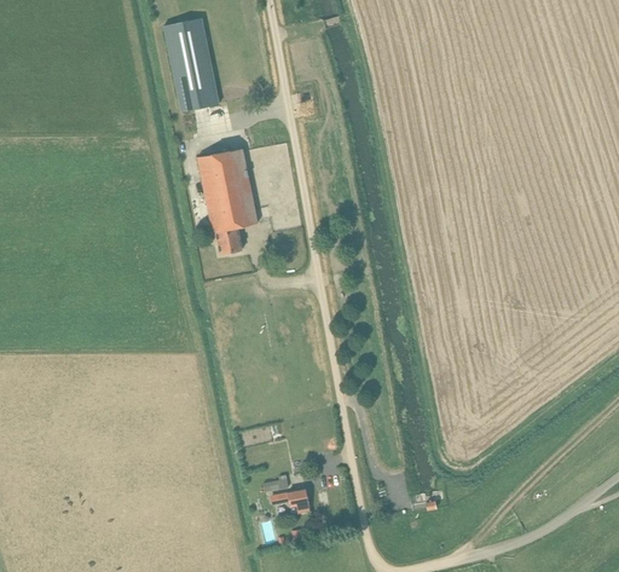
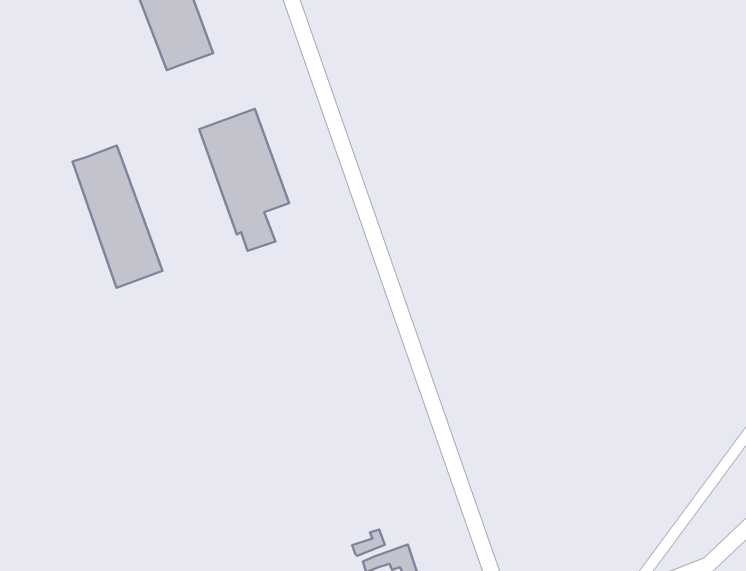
building: none -> [73,145,162,288]

